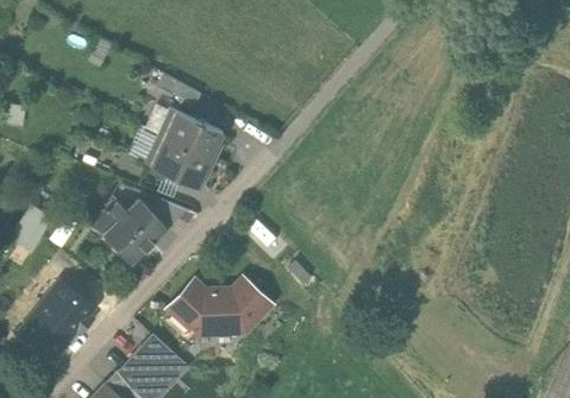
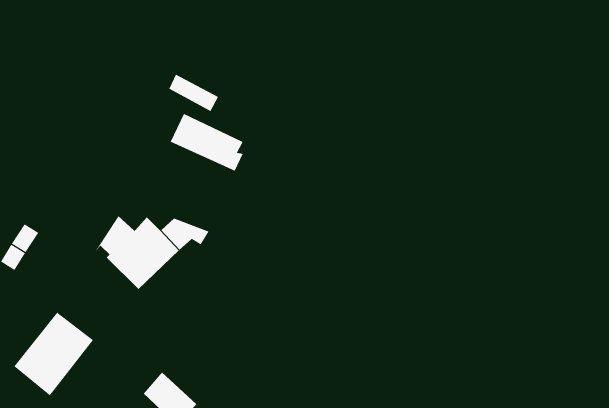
building: [145,133,215,189] -> none
building: [169,278,270,333] -> none

